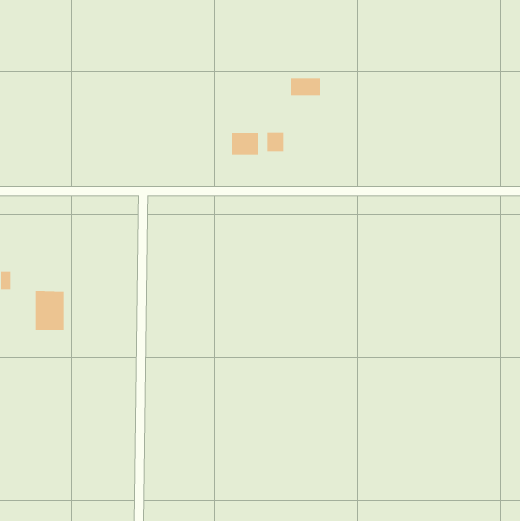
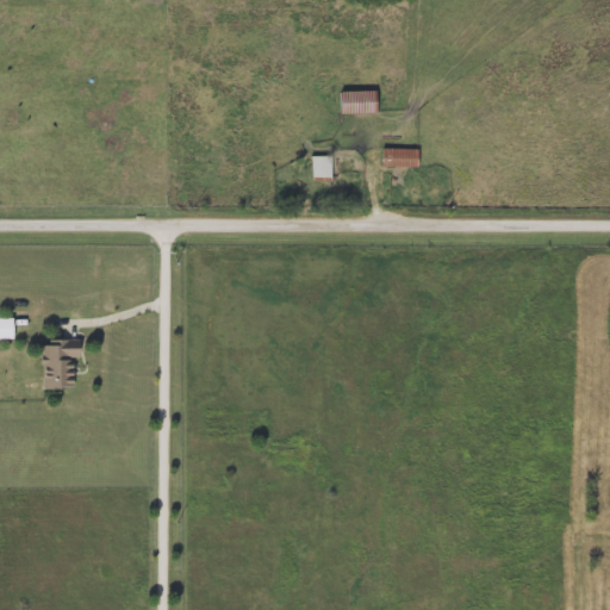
building: none -> [382,149,418,167]
building: [231,132,259,155] -> none

